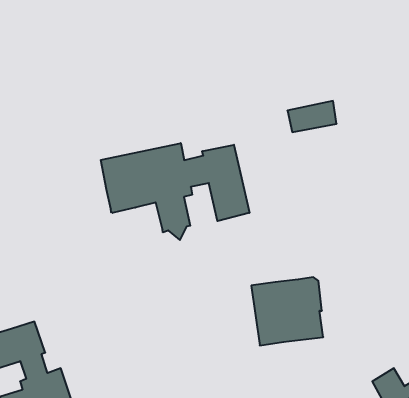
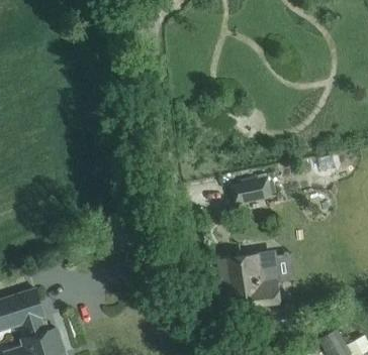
building: [287,101,337,132] -> [231,178,272,204]
building: [101,143,249,240] -> none

